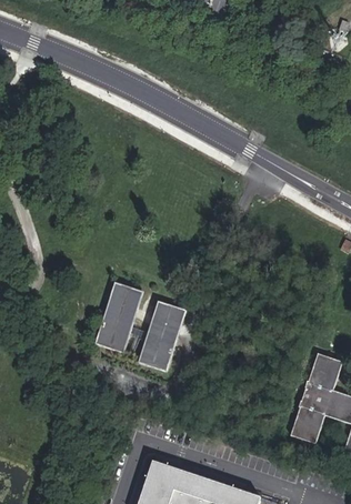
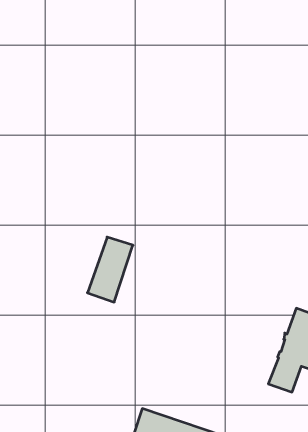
building: [138,299,187,369] -> none

